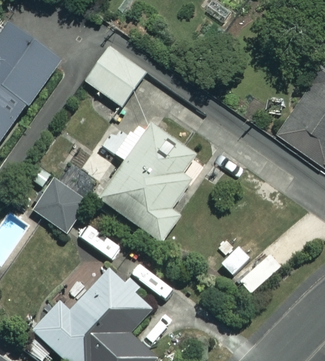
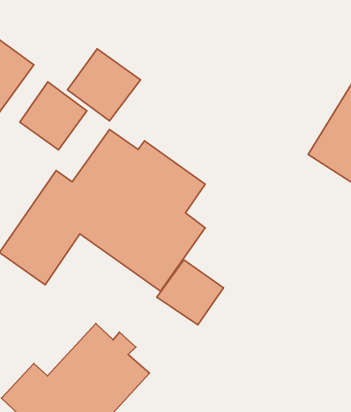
building: none -> [20,82,87,150]
building: none -> [157,260,224,325]

